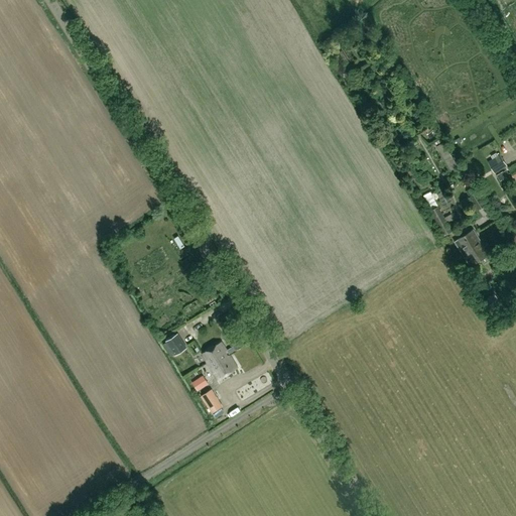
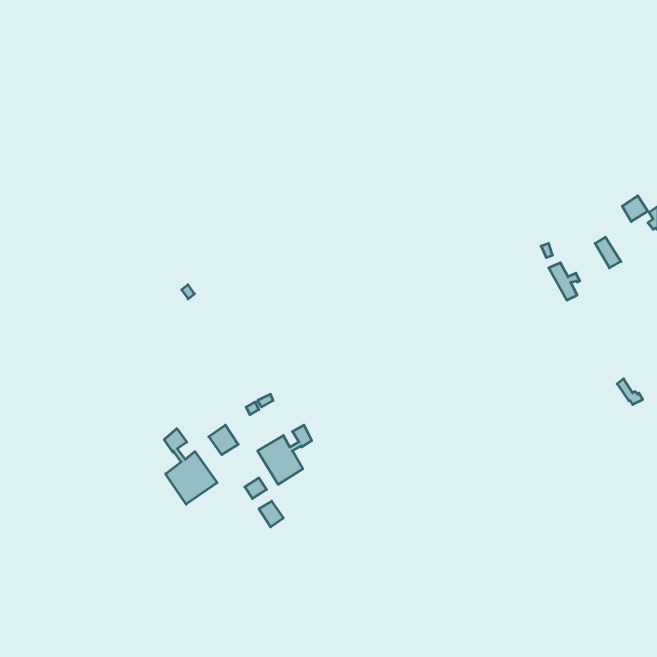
building: [456,230,489,265] -> none
building: none -> [164,429,217,504]

